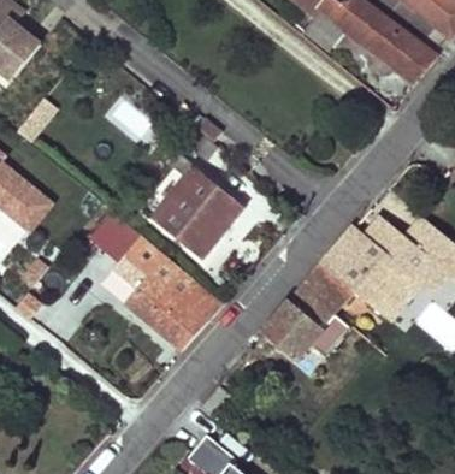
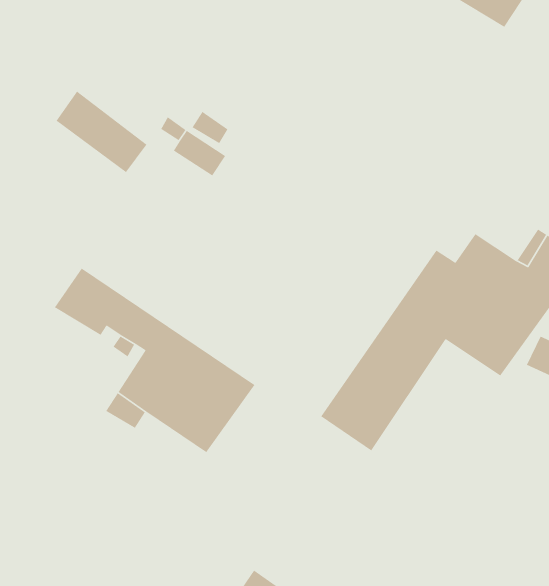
building: [152,156,244,261] -> none

